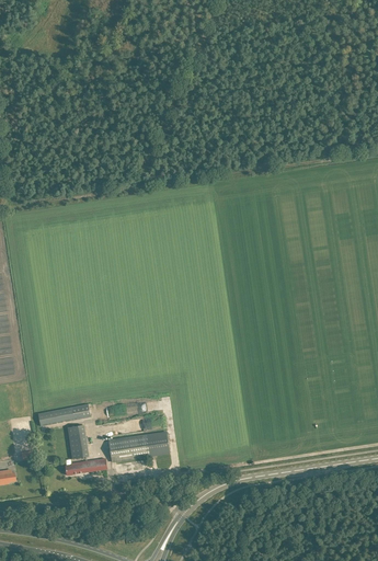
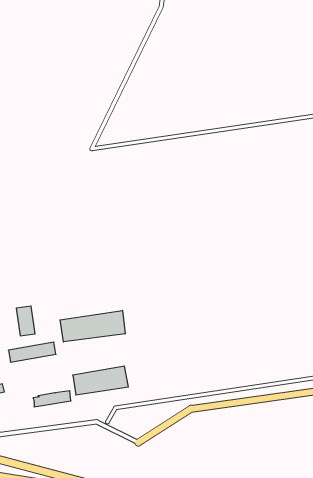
building: none -> [60,310,125,342]
building: [67,425,88,458] -> [16,306,35,336]

